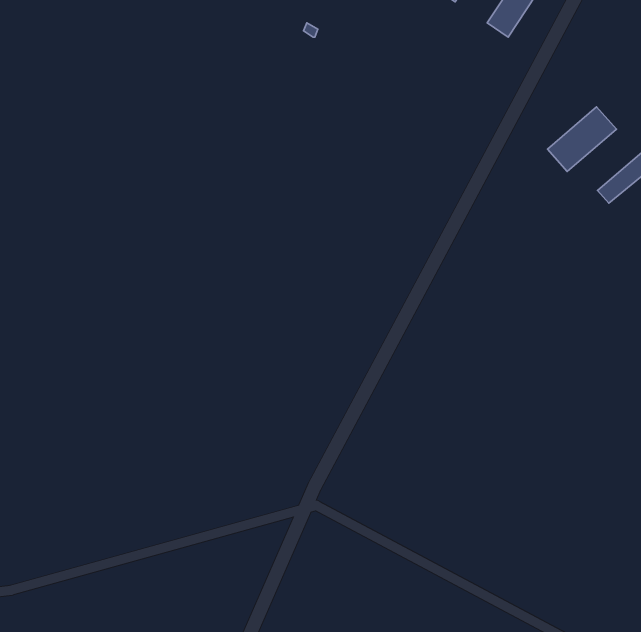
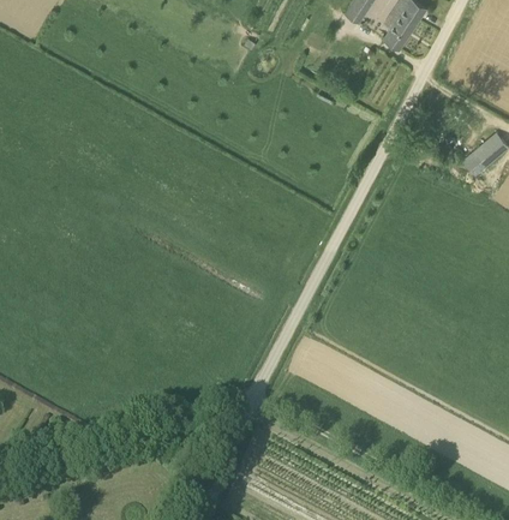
building: [547,107,616,171] -> none

